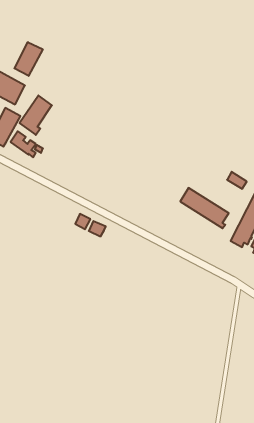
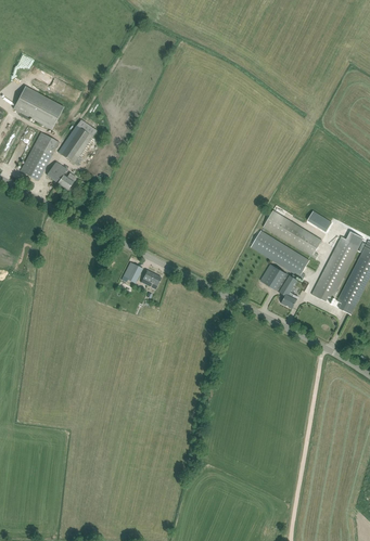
building: [14,42,43,76] -> none
building: none -> [263,209,321,258]
building: none -> [259,263,298,309]

